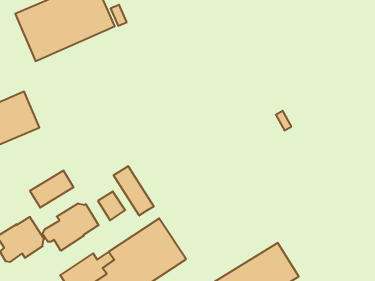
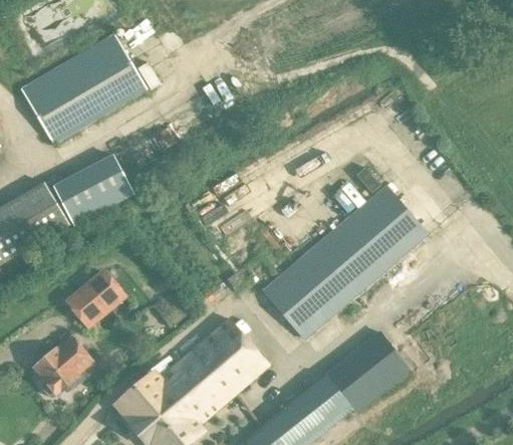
building: none -> [50,155,133,229]
building: none -> [263,185,427,338]
building: [114,166,154,216] -> none
building: [43,203,99,251] -> none

